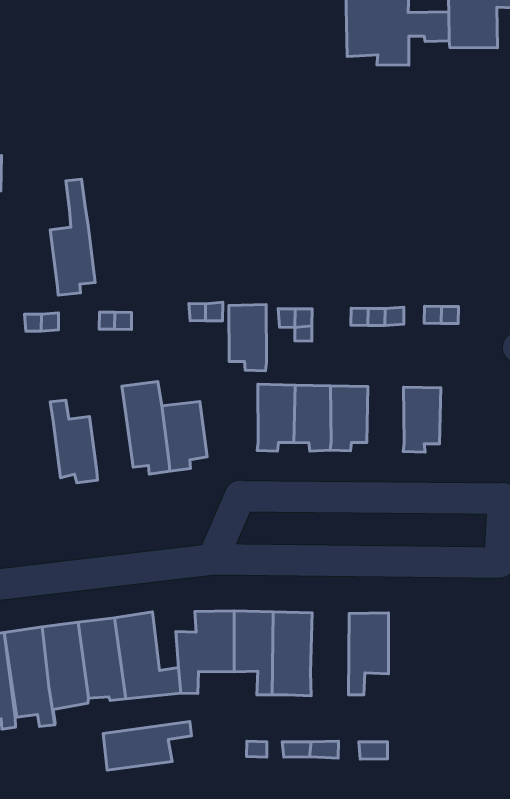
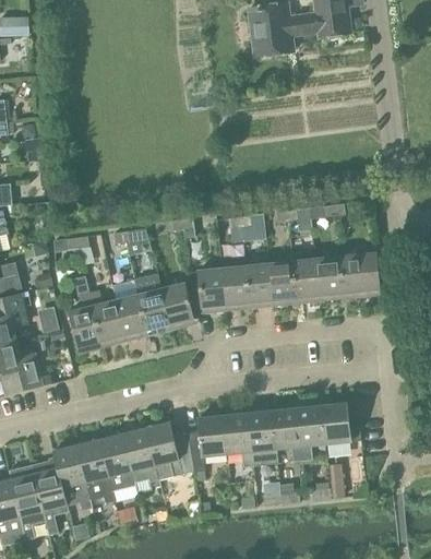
building: [50,179,95,295] -> [68,276,100,353]
building: [229,305,267,371] -> [196,267,225,311]
building: none -> [290,252,319,301]
building: none -> [338,252,381,297]
building: none -> [115,295,146,341]
building: none -> [272,408,301,462]
building: none -> [321,403,360,444]
building: [103,722,192,770] -> none

